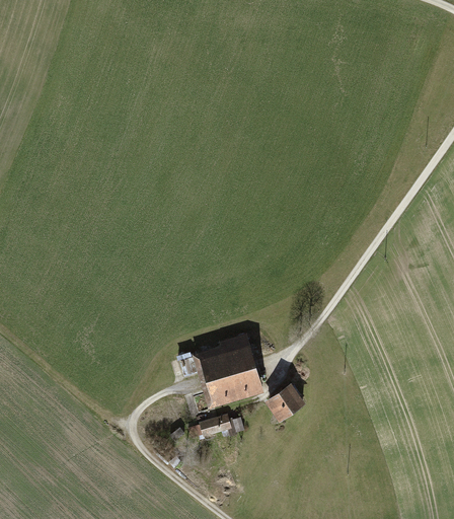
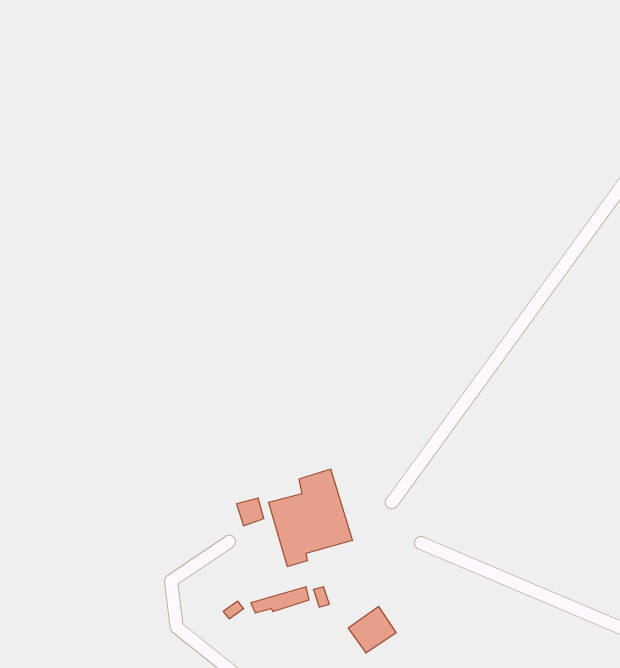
building: [269,385,302,418] -> [348,606,396,653]

